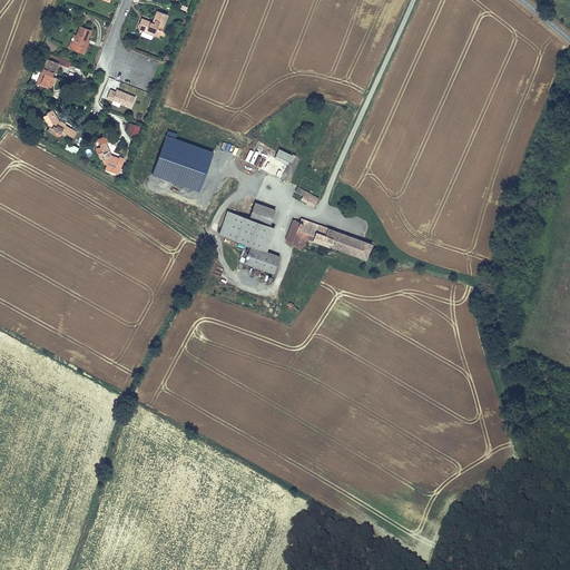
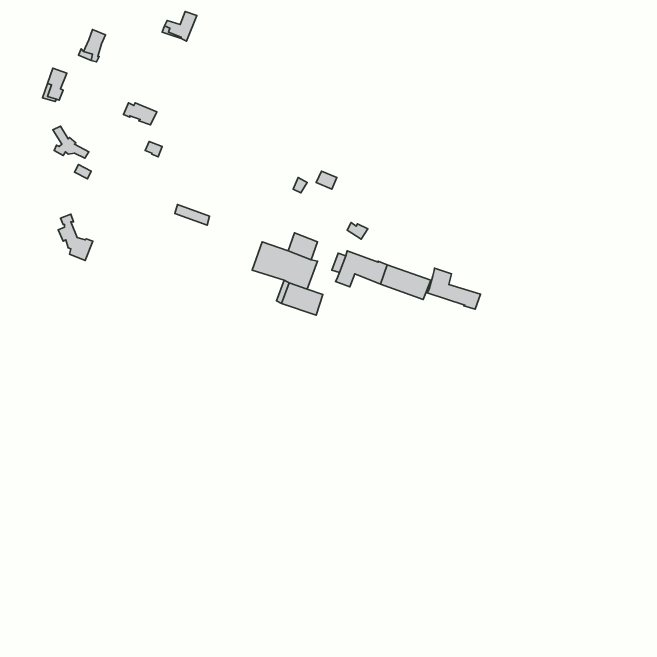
building: [95,135,125,175] -> [58,214,93,261]
building: [153,135,214,191] -> none
building: none -> [427,268,480,309]

